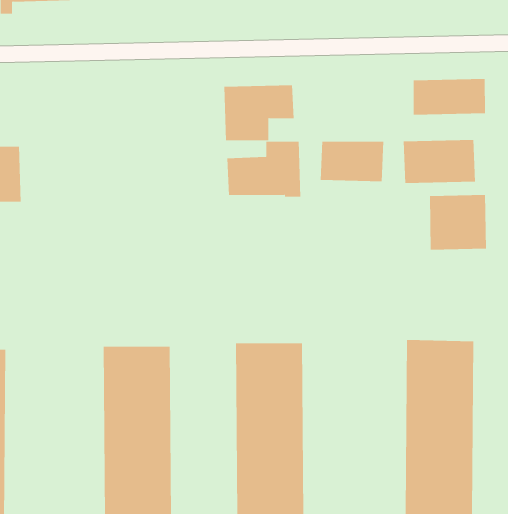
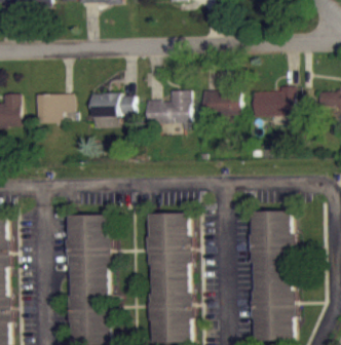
building: [413,78,485,115] -> none
building: [223,85,295,141] -> [89,93,132,127]
building: none -> [35,93,71,123]
building: [429,194,486,251] -> none

